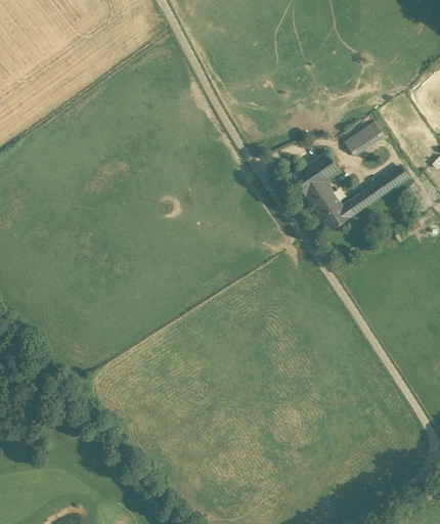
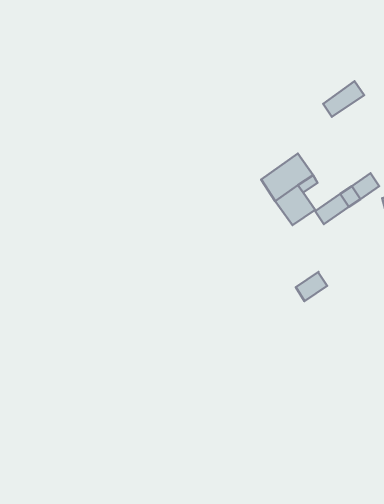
building: [344,122,383,156] -> [323,81,364,117]
building: [320,204,350,231] -> [296,272,327,301]

